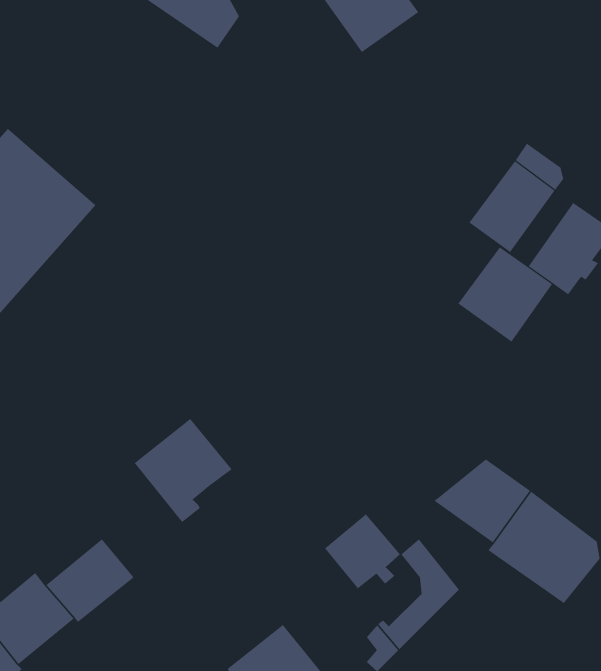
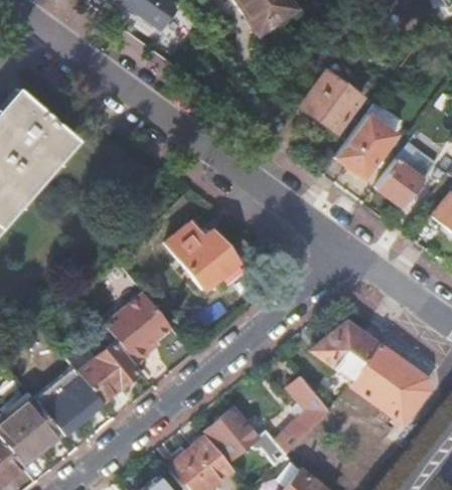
building: none -> [300,77,363,132]
building: [458,247,553,343] -> none
building: none -> [166,223,236,288]
building: none -> [65,343,138,401]
building: [324,514,401,589] -> [205,406,259,459]

